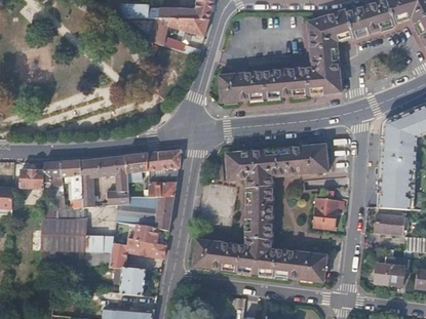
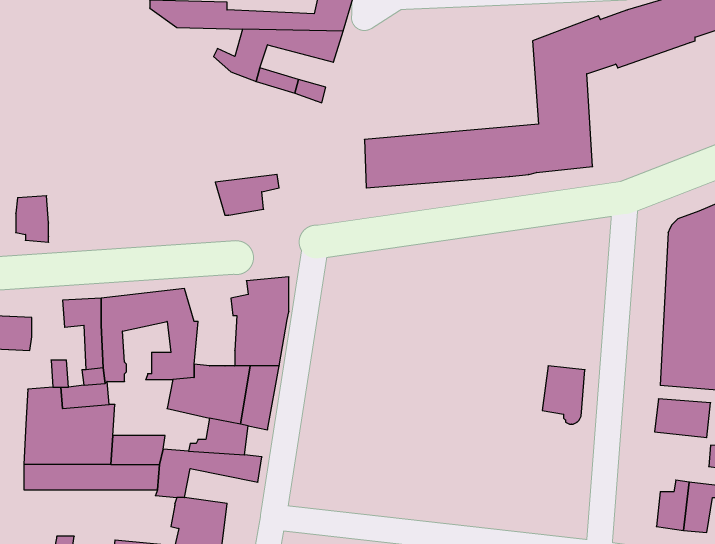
building: [194,144,330,279] -> none
building: [124,152,158,173] -> [215,174,279,215]
building: [43,162,61,187] -> [16,196,49,242]

